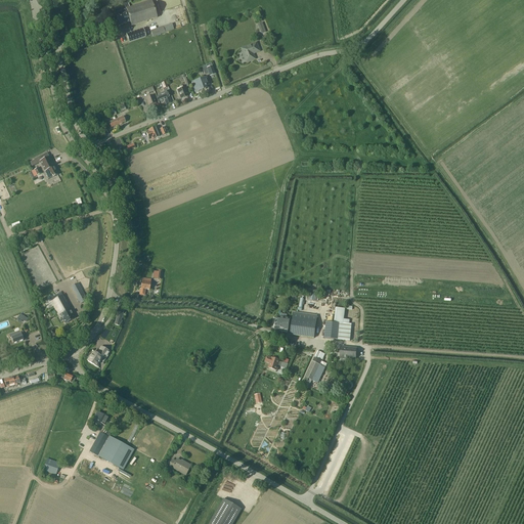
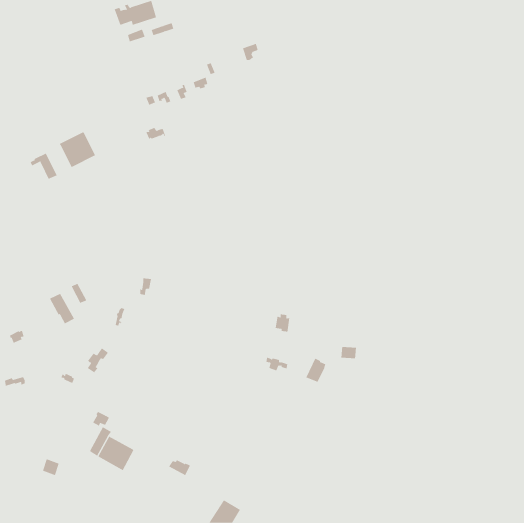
building: none -> [59,131,96,168]
building: [324,307,351,340] -> none
building: [291,311,316,337] -> none

